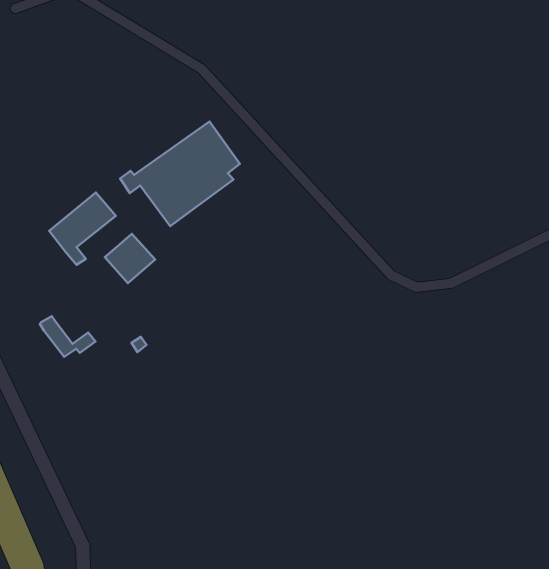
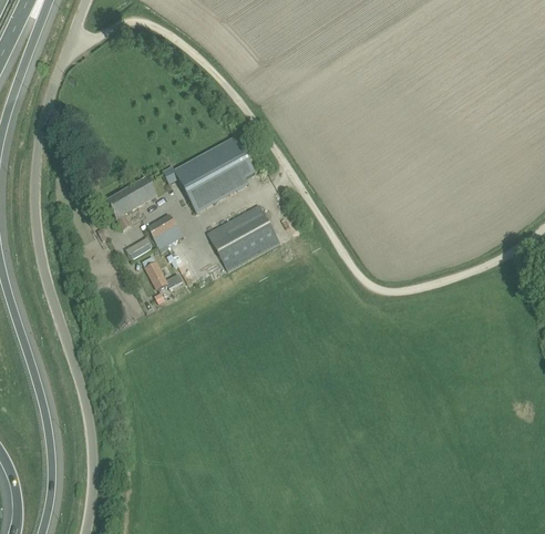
building: none -> [206,203,279,269]
building: [40,316,96,357] -> [142,256,182,288]

